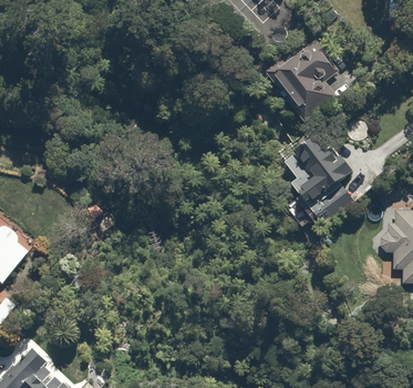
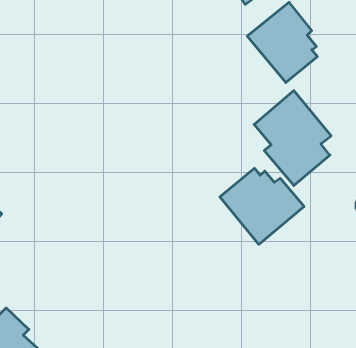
building: none -> [220,168,304,244]

